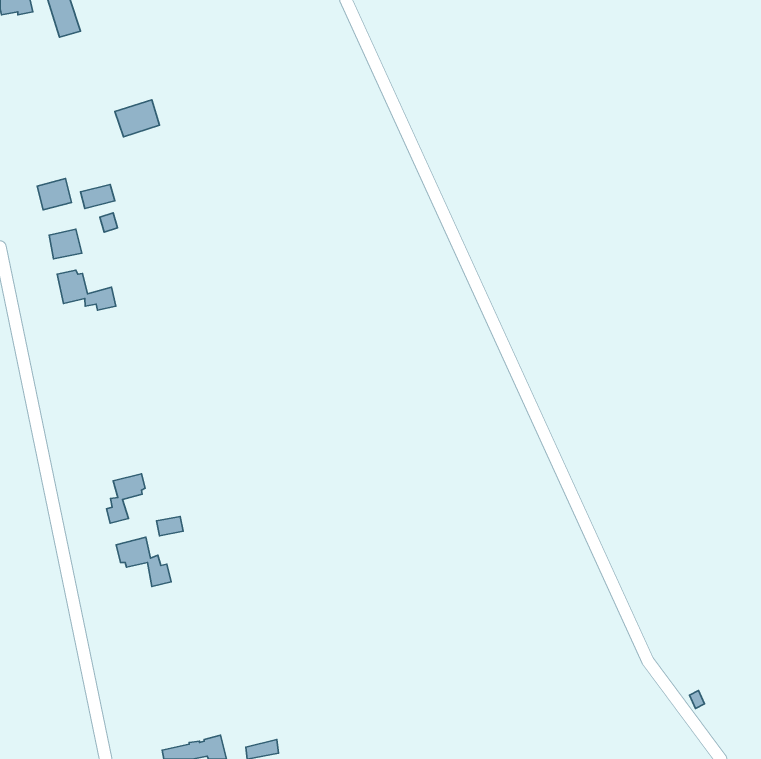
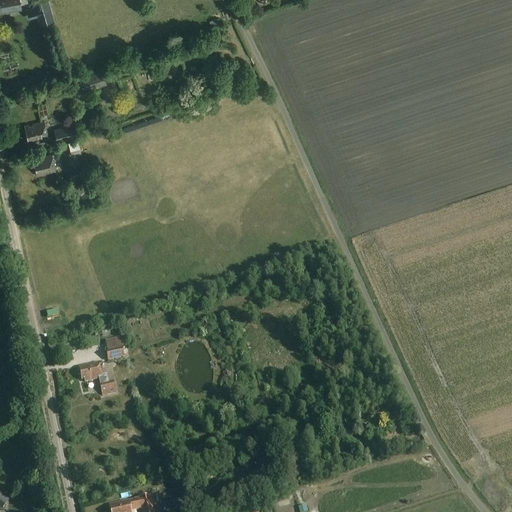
building: [57,270,116,310] -> none
building: [106,474,145,523] -> none

